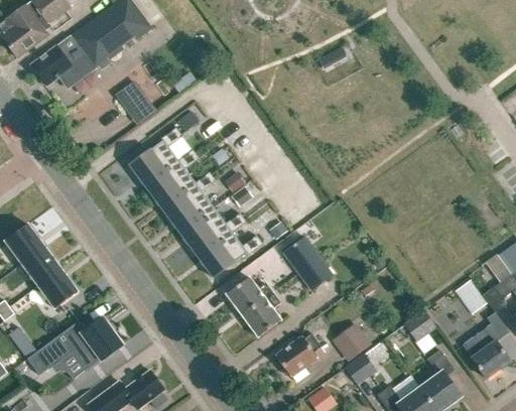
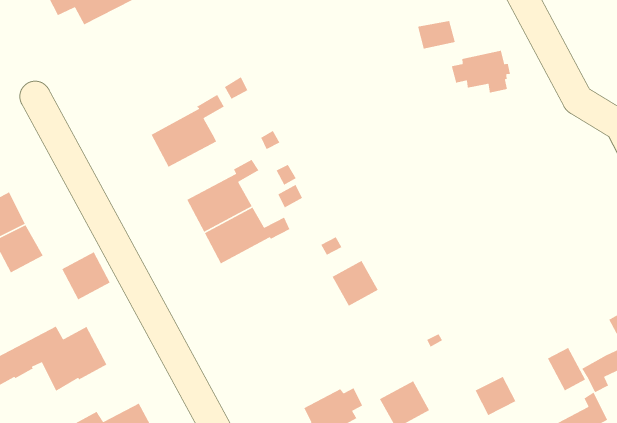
building: none -> [451,50,511,93]
building: [116,79,156,123] -> none
building: [146,149,200,211] -> none
building: [197,231,263,278] -> none
building: [298,258,333,291] -> none
building: [38,269,78,308] -> [61,251,111,300]
building: [226,277,281,337] -> none

